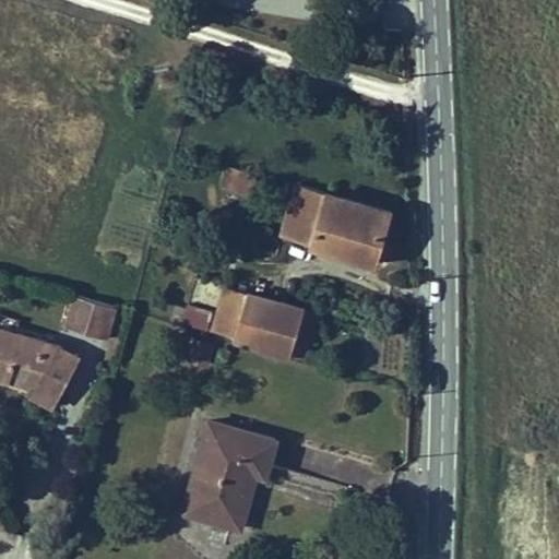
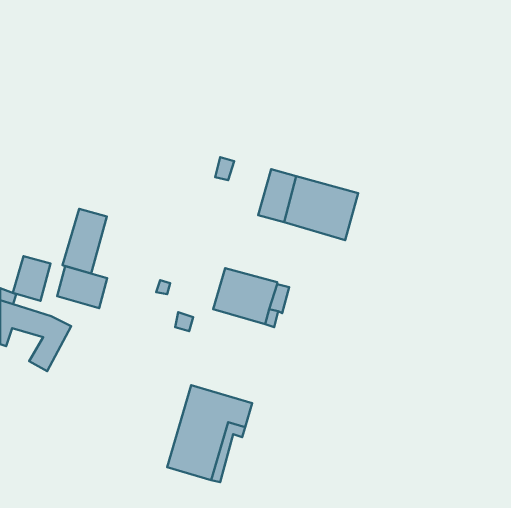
building: none -> [63,209,107,273]
building: none -> [13,256,50,301]
building: [211,289,246,341] -> none

